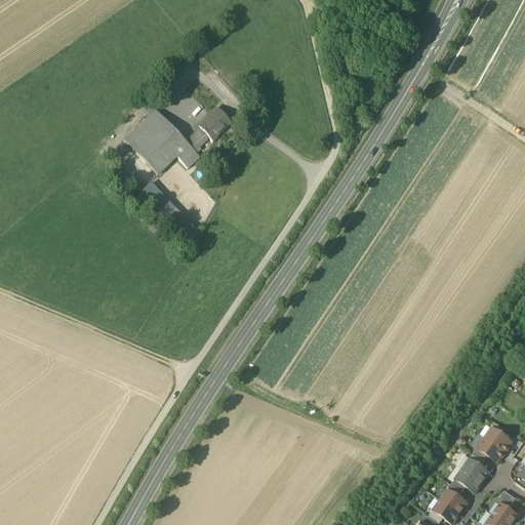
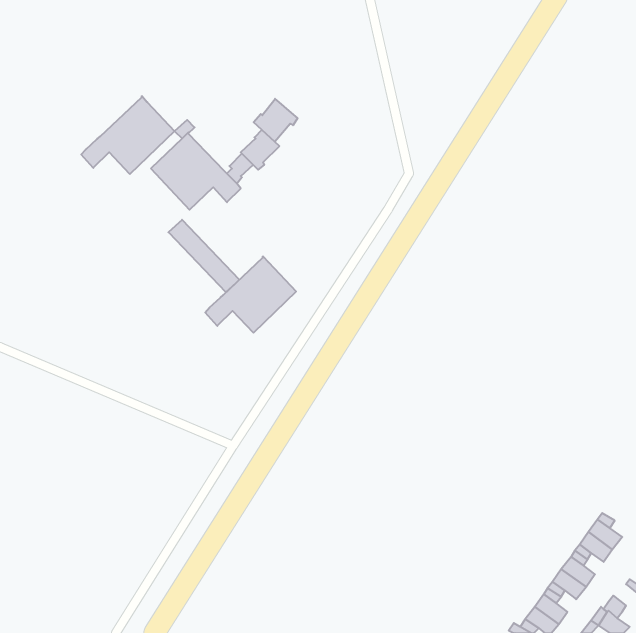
building: none -> [81,96,175,174]
building: none -> [254,99,298,142]
building: none -> [205,256,296,333]

